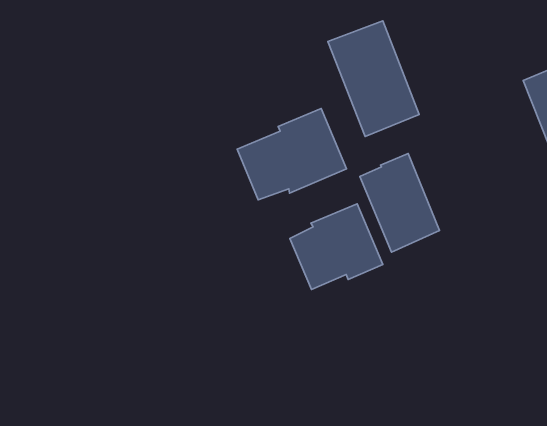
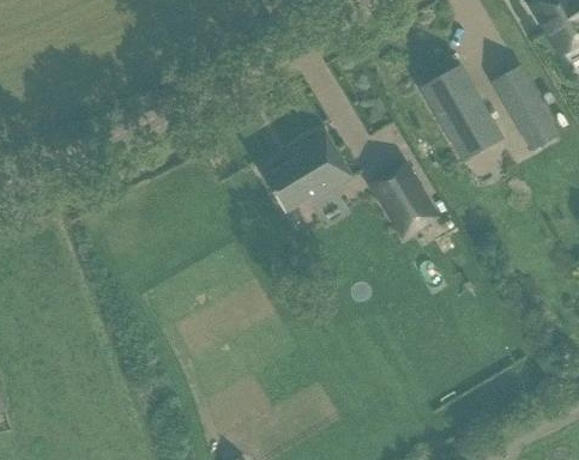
building: [328,21,419,137] -> [418,65,503,163]
building: [290,204,383,289] -> none

